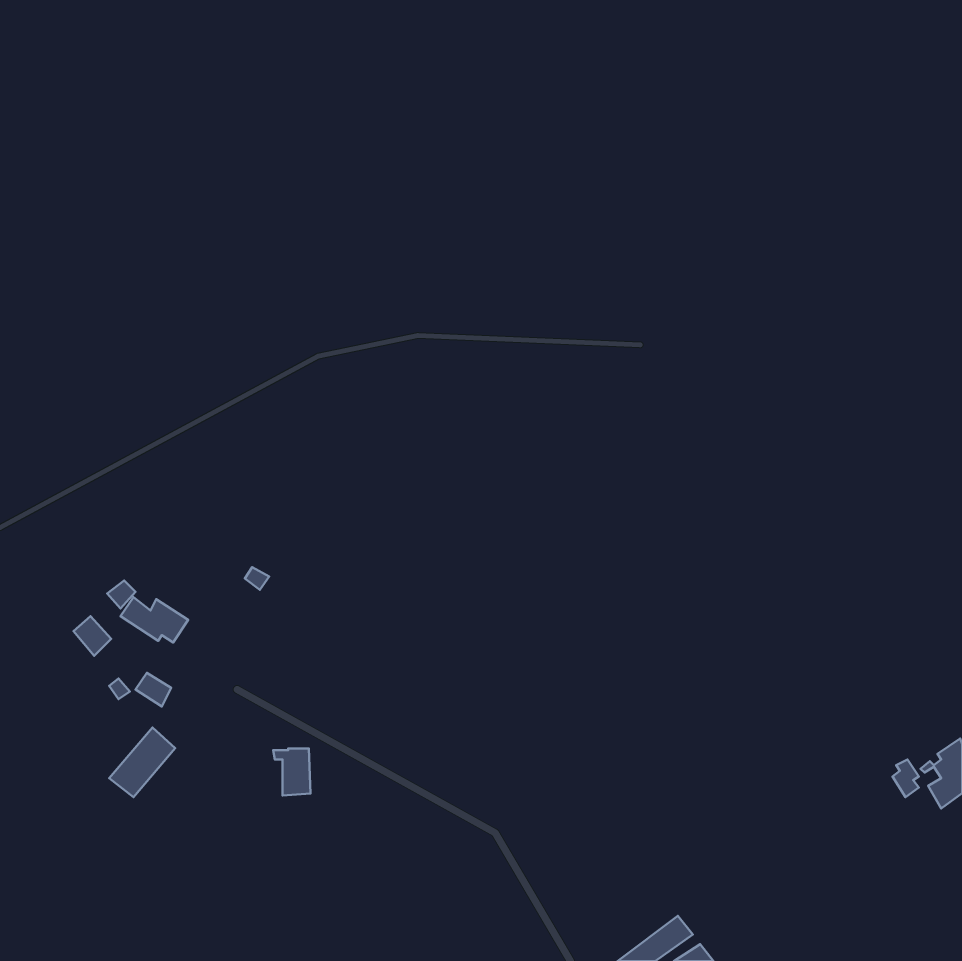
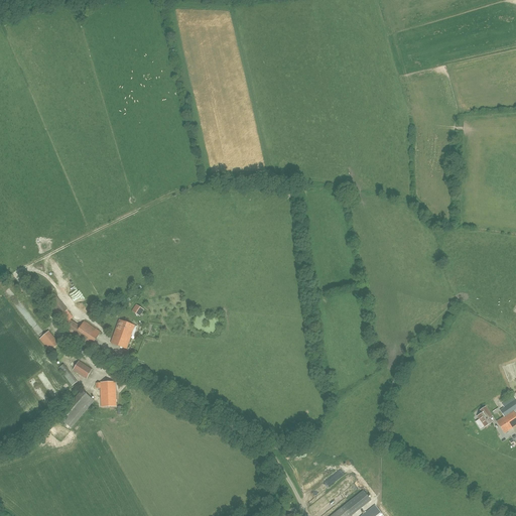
building: none -> [111,318,137,348]
building: [273,748,311,795] -> [96,381,116,406]

